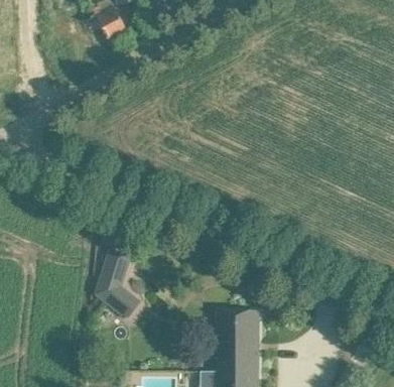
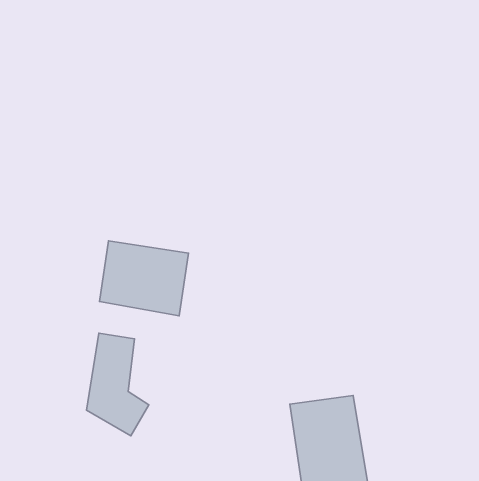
building: none -> [100,241,188,316]

